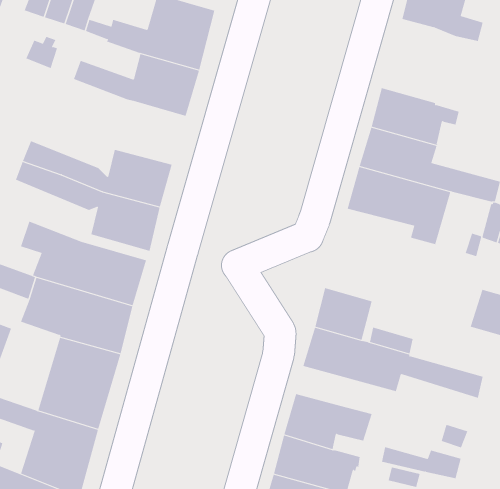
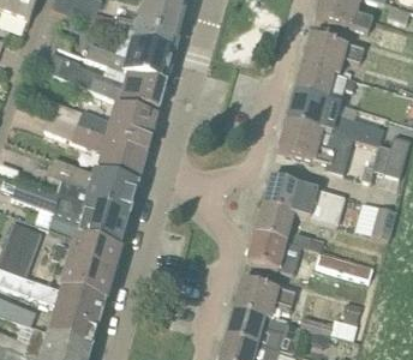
building: none -> [301,34,364,74]
building: none -> [44,53,164,110]
building: none -> [262,176,346,224]

